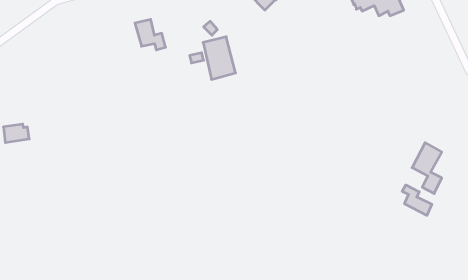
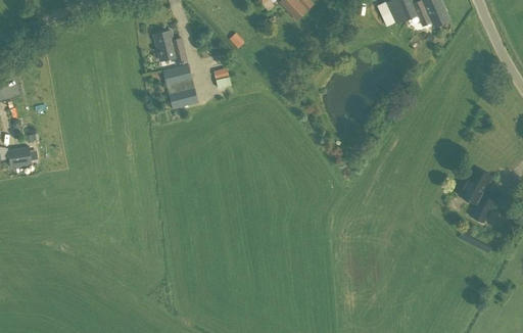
building: [203,37,236,79] -> [162,63,198,110]
building: [402,185,432,215] -> none

